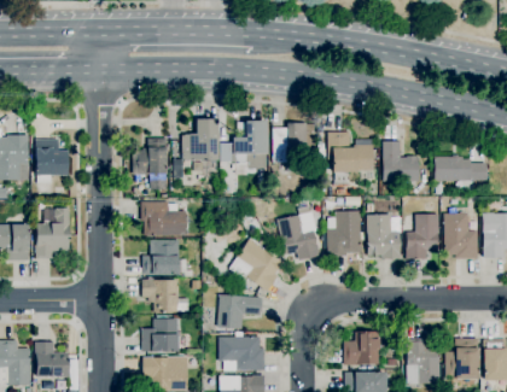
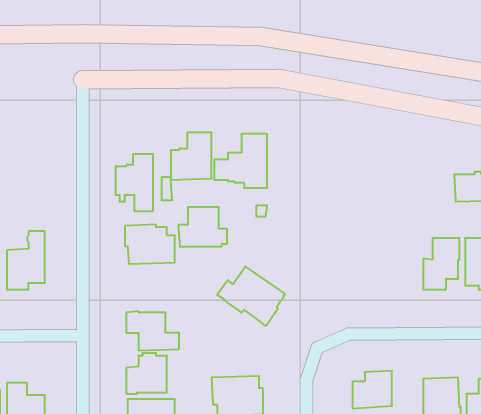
building: [273,123,307,163] -> none
building: [327,131,374,187] -> none
building: [36,139,69,183] -> none
building: [383,141,419,182] -> none
building: [327,211,361,257] -> none
building: [278,212,320,261] -> none
building: [367,213,402,259] -> none
building: [142,240,186,275] -> [178,207,227,247]
building: [216,294,262,329] -> none

